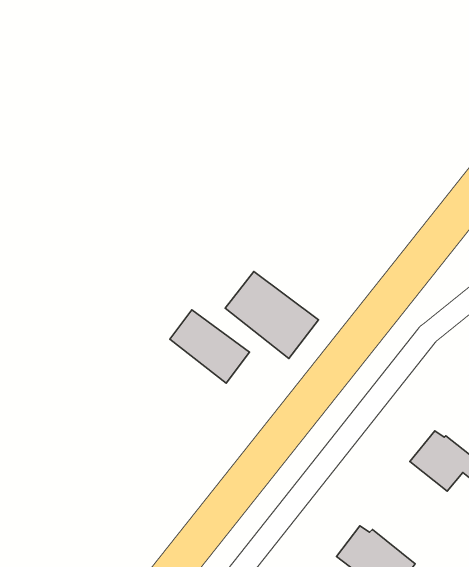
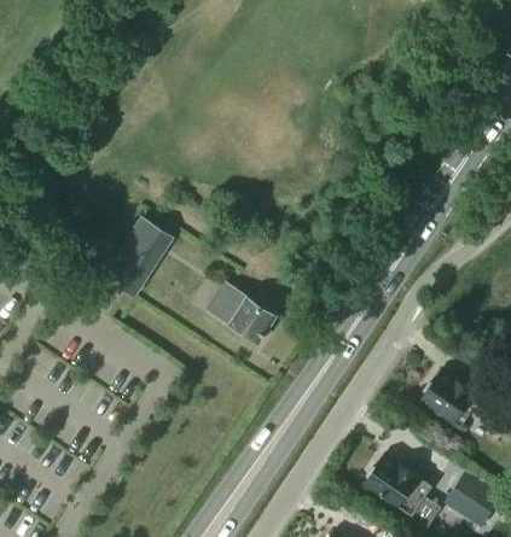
building: none -> [101,215,175,298]
building: [225,272,318,359] -> none

